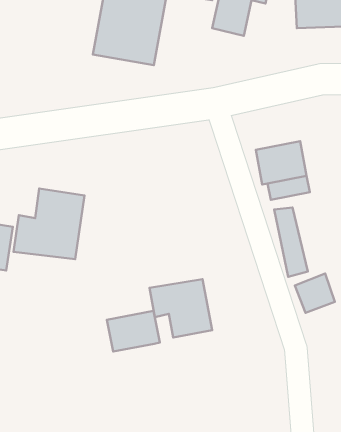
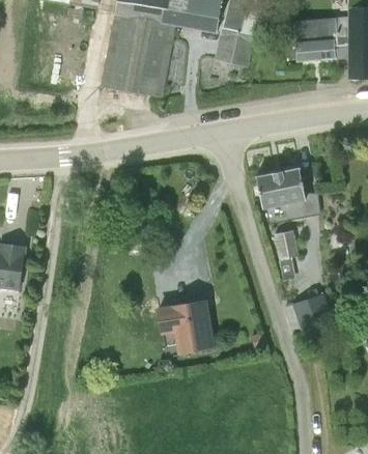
building: [13,188,85,259] -> none
building: [107,311,160,352] -> none

